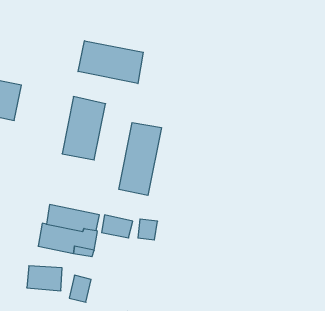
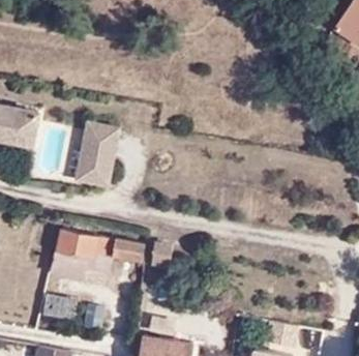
building: [78,41,143,84] -> none
building: [119,123,161,195] -> none

